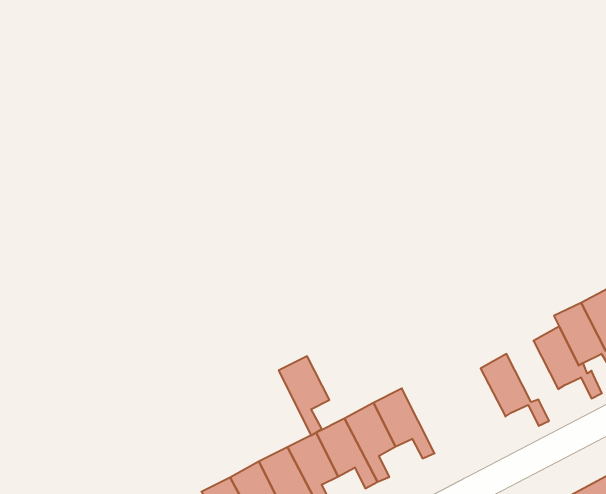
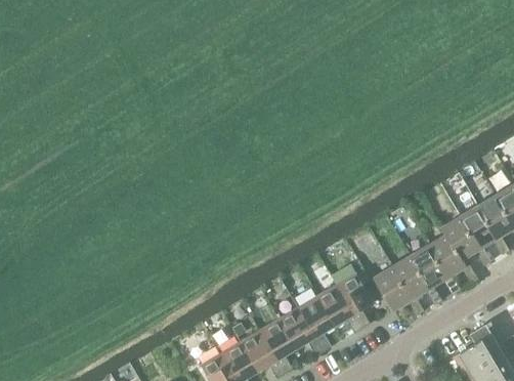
building: none -> [409,246,460,294]
building: [279,356,329,435] -> [337,273,374,329]
building: none -> [373,267,424,315]

